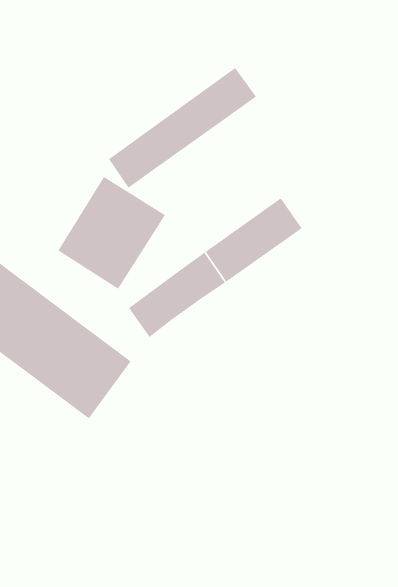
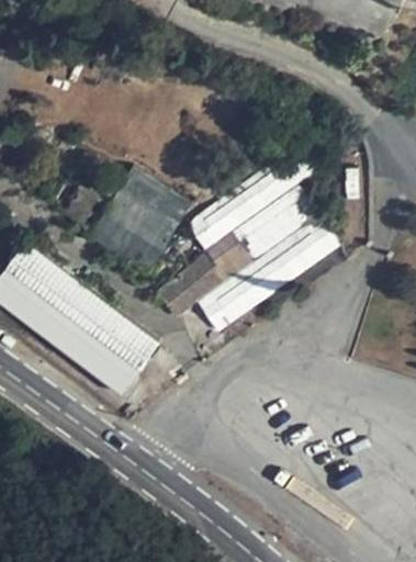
building: [108,67,257,189] -> [187,140,325,254]
building: none -> [195,216,339,333]

